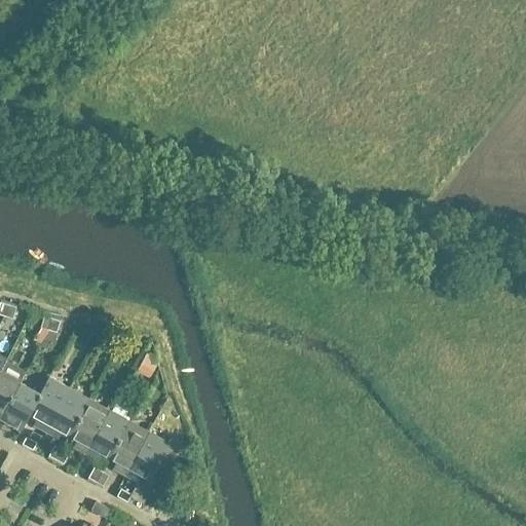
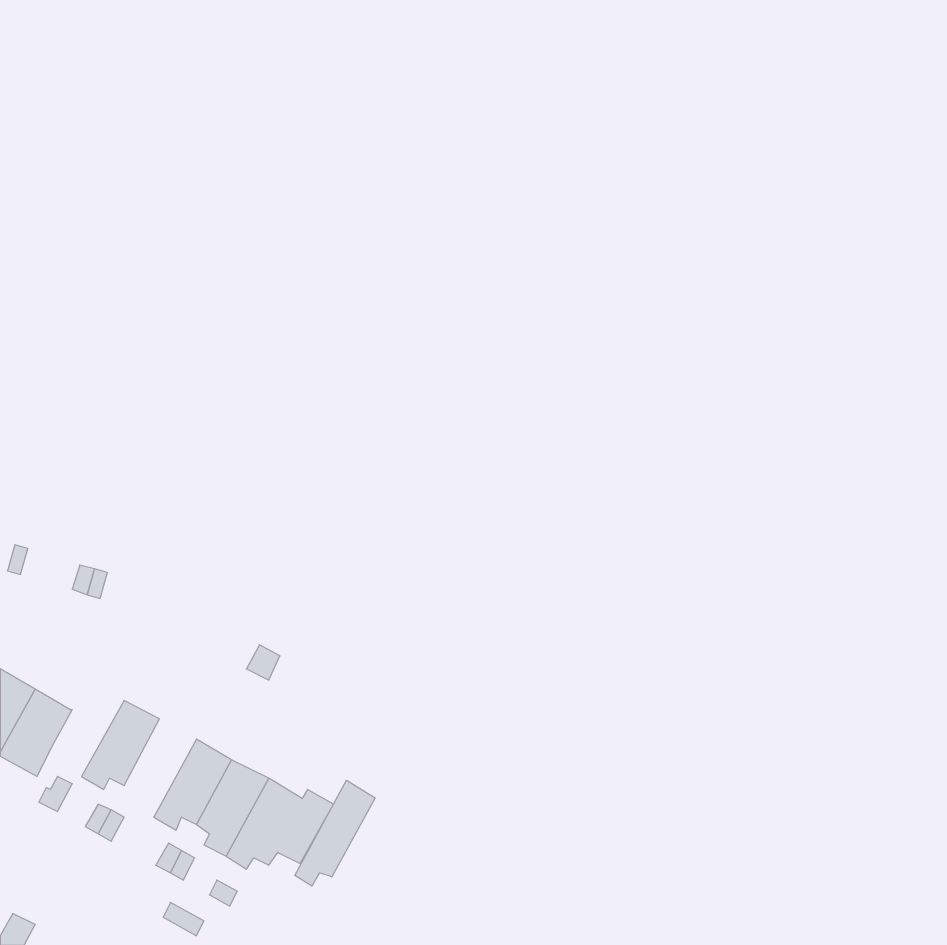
building: [29,377,69,430] -> none
building: [69,399,109,453] -> none
building: none -> [295,780,375,886]

